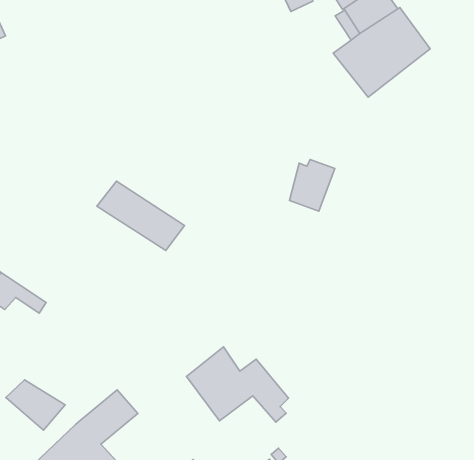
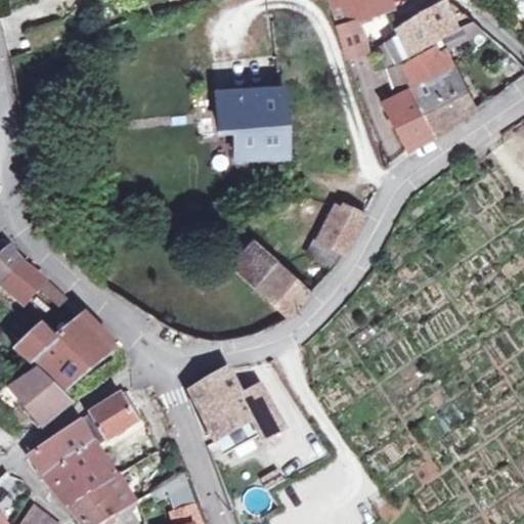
building: none -> [214,86,287,156]
building: [97,181,185,250] -> [226,242,308,315]
building: none -> [18,312,117,387]

